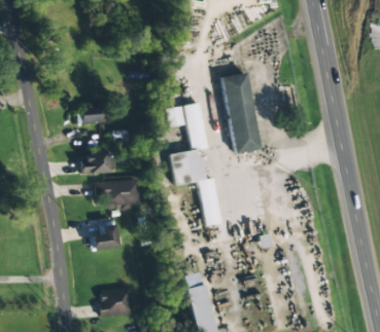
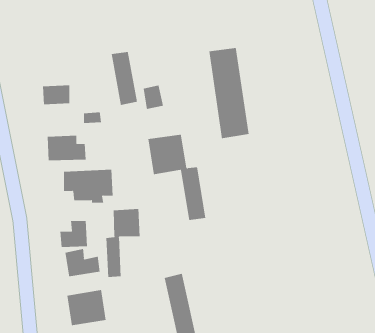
building: [183,103,207,150] -> [111,52,138,105]
building: none -> [106,208,140,278]
building: none -> [65,248,100,277]

